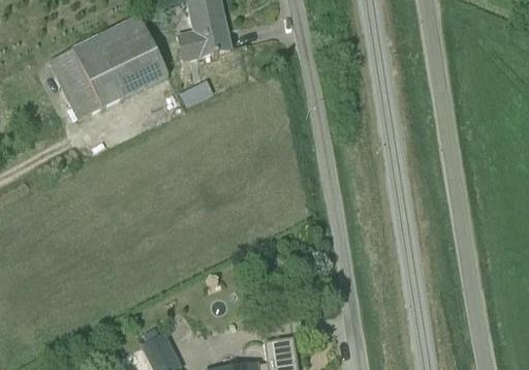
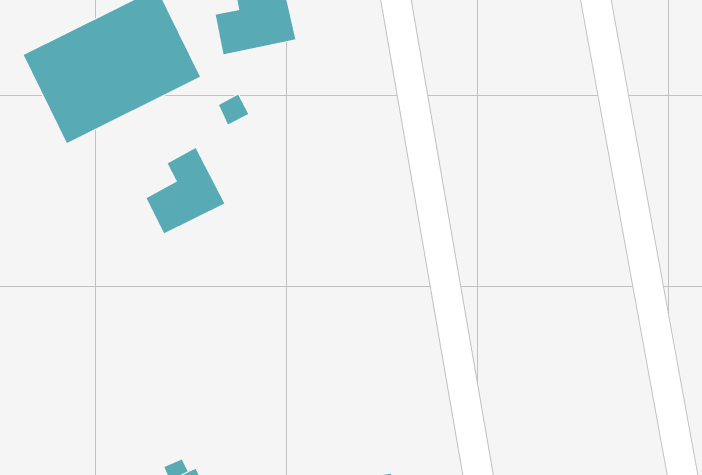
building: none -> [146,147,225,234]

